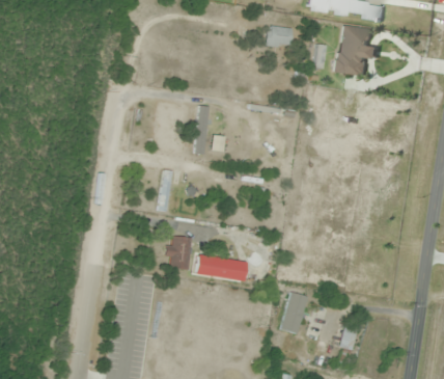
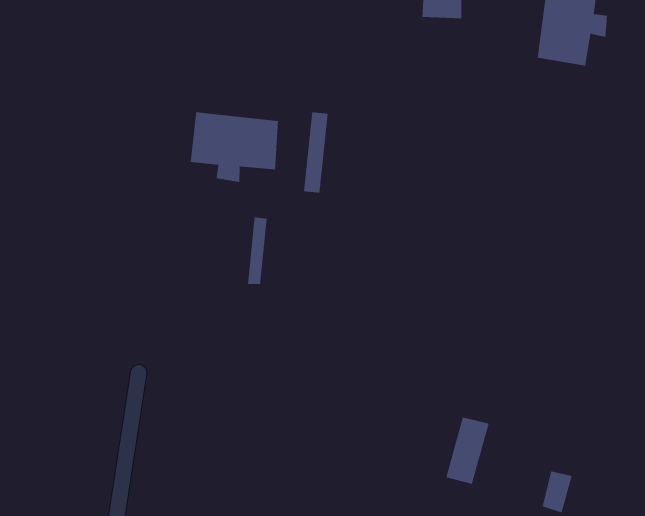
building: none -> [190,112,279,183]
building: [169,236,190,268] -> none
building: [197,254,243,280] -> none

